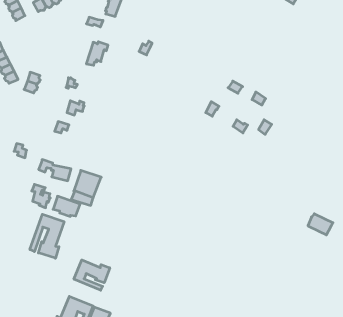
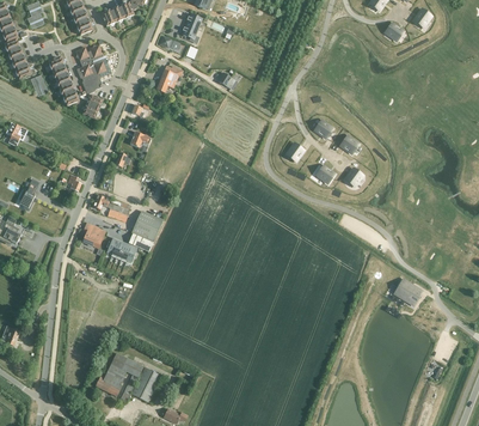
building: none -> [75,44,111,93]
building: [30,214,64,258] -> none
building: [74,260,110,290] -> none

